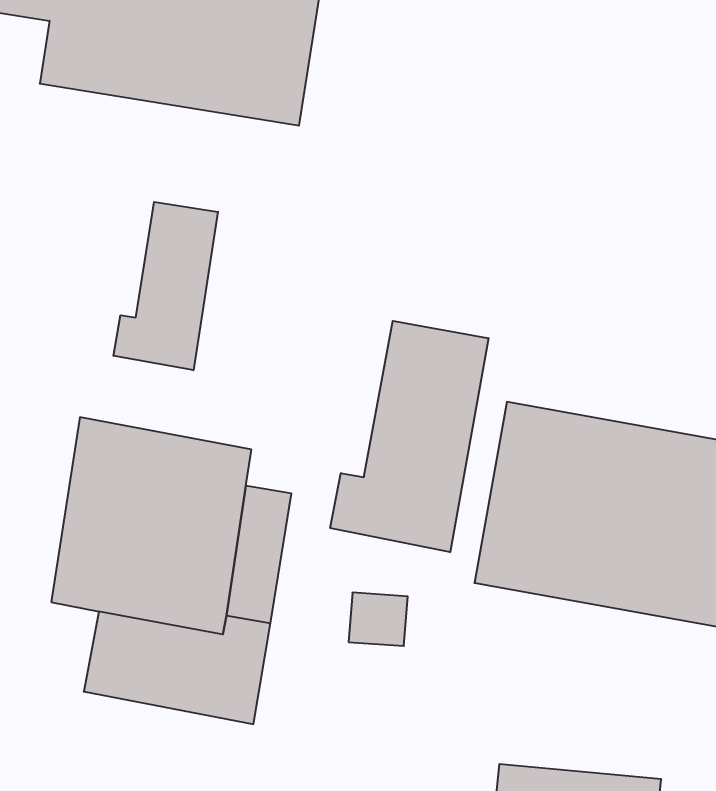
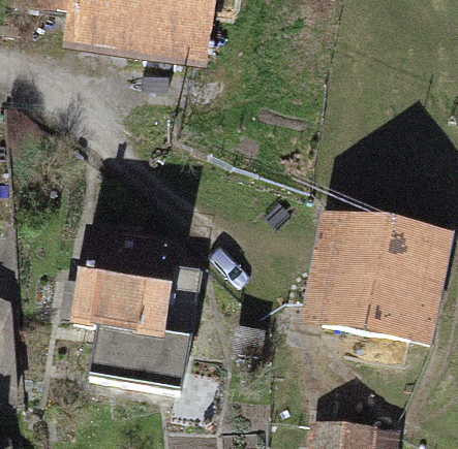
building: [114,202,218,370] -> none
building: [330,321,488,552] -> none

